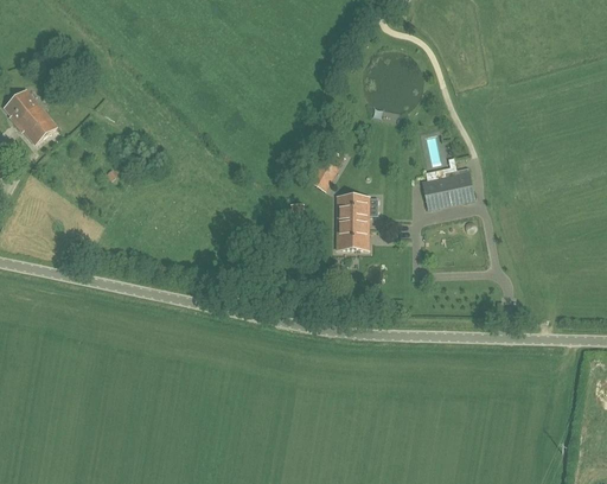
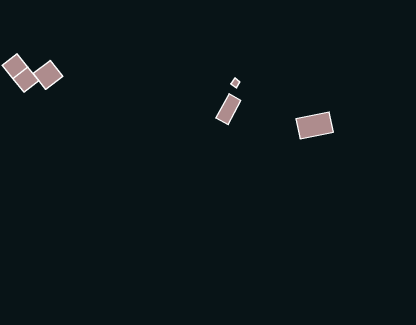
building: none -> [33,60,63,89]
building: [337,195,369,248] -> none

